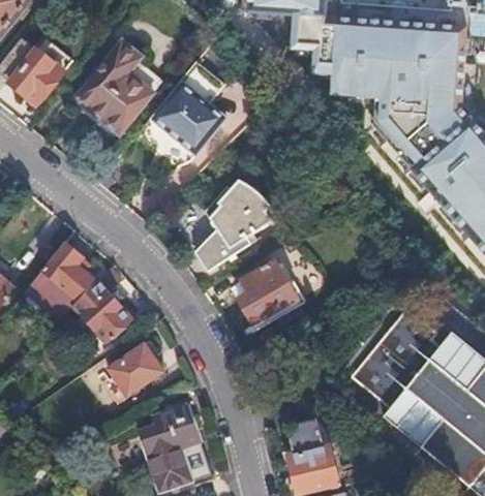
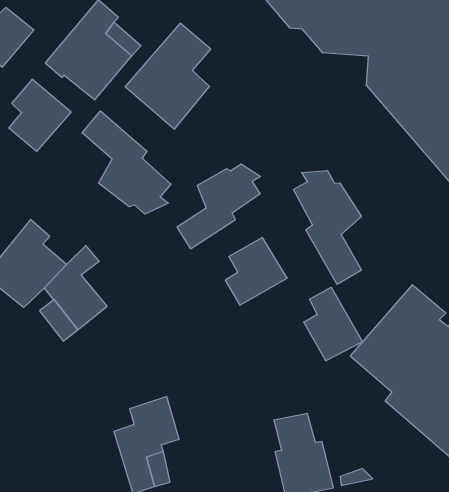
building: none -> [9,79,71,151]
building: none -> [82,111,171,214]
building: none -> [293,170,361,284]
building: none -> [304,287,362,361]
building: [105,343,161,395] -> none

